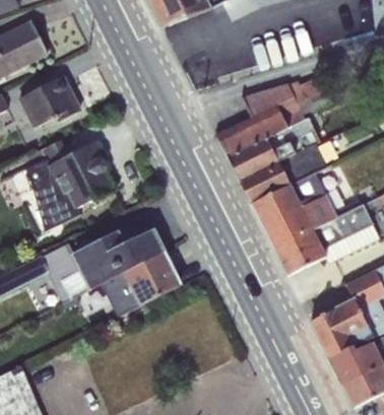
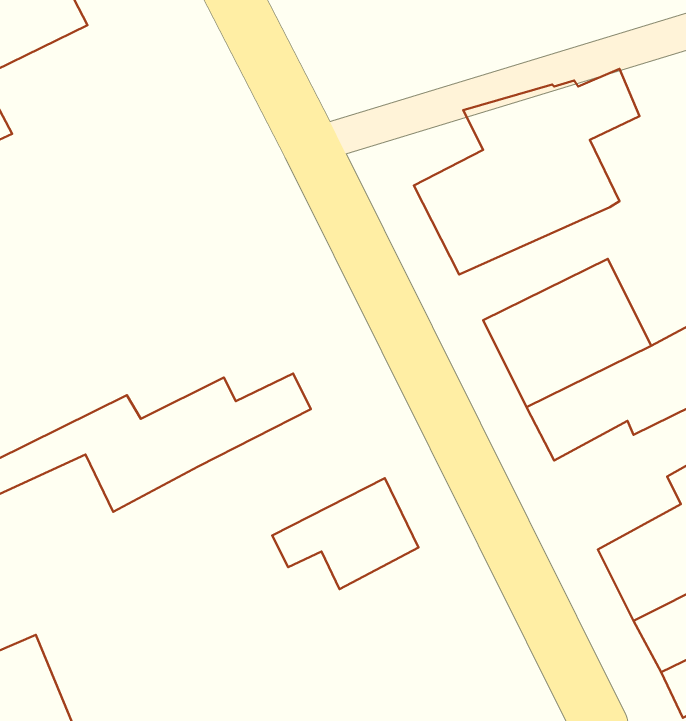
building: [18,76,79,128] -> none
building: [27,139,114,230] -> none
building: [239,145,326,203] -> none
building: [105,249,180,305] -> [272,478,419,589]

